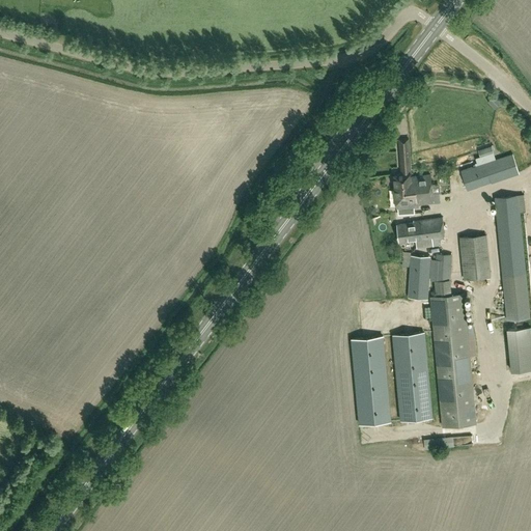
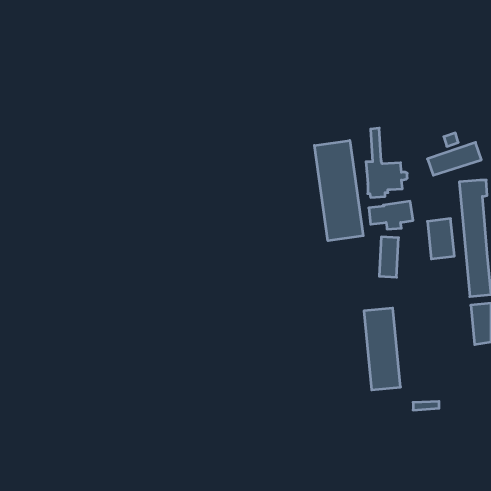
building: none -> [314,140,363,241]
building: [429,255,476,428] -> none
building: [351,337,390,425] -> none

